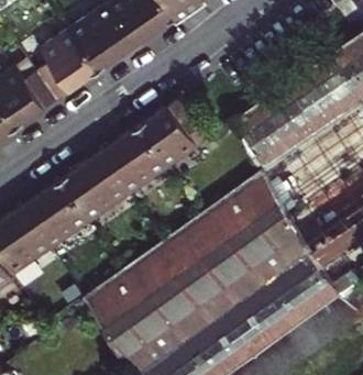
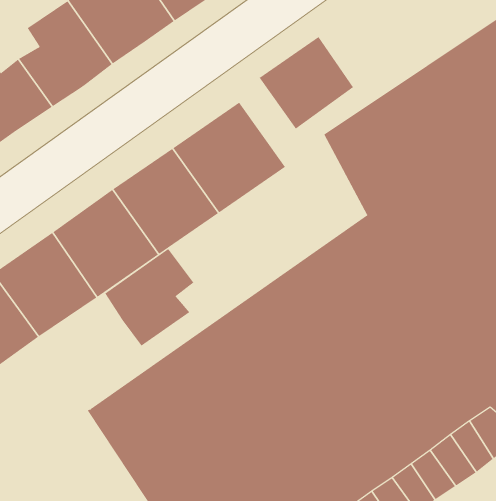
building: none -> [259,36,354,129]
building: none -> [105,248,194,346]

